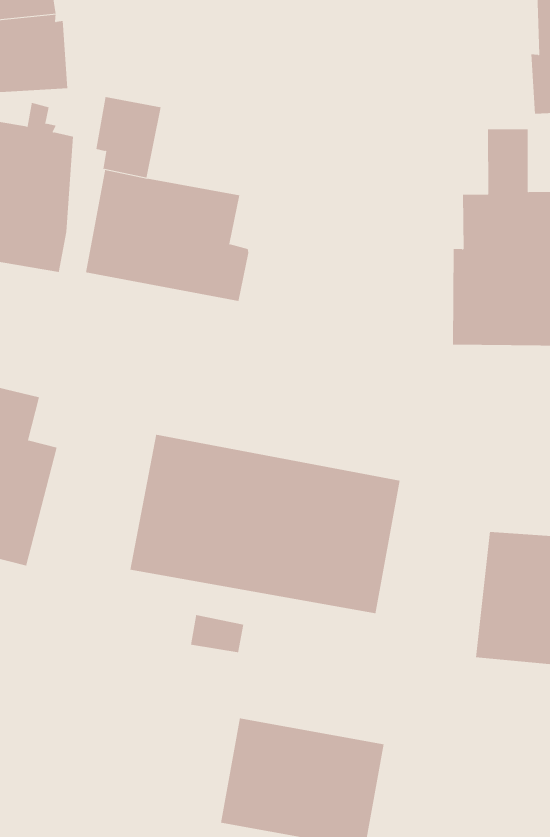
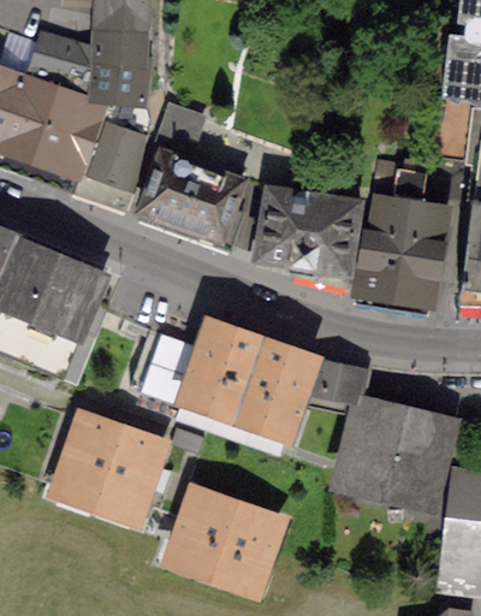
building: none -> [257,182,362,274]
building: none -> [304,363,366,413]
building: none -> [59,421,161,516]

